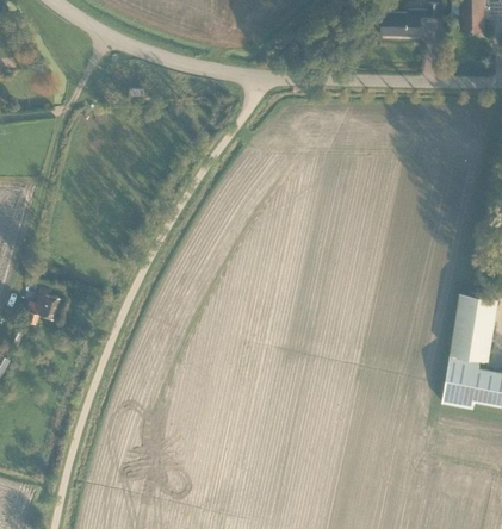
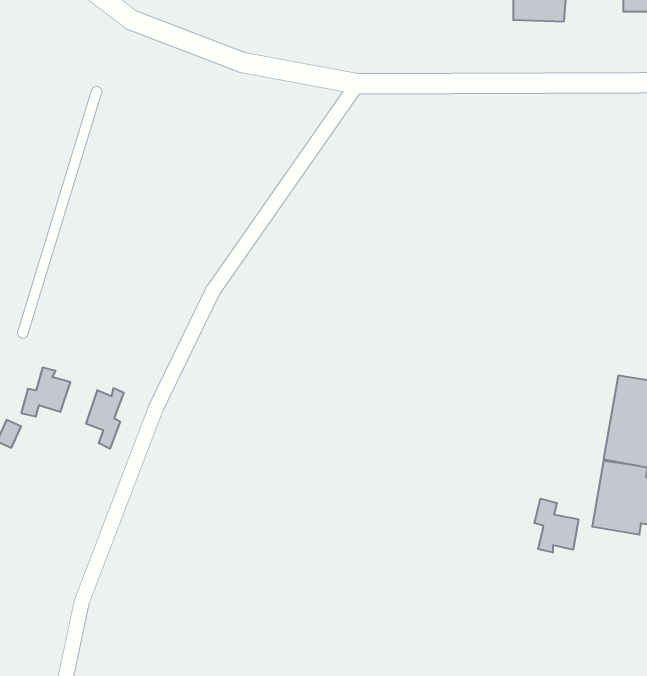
building: none -> [86,388,124,449]
building: none -> [535,499,578,553]

